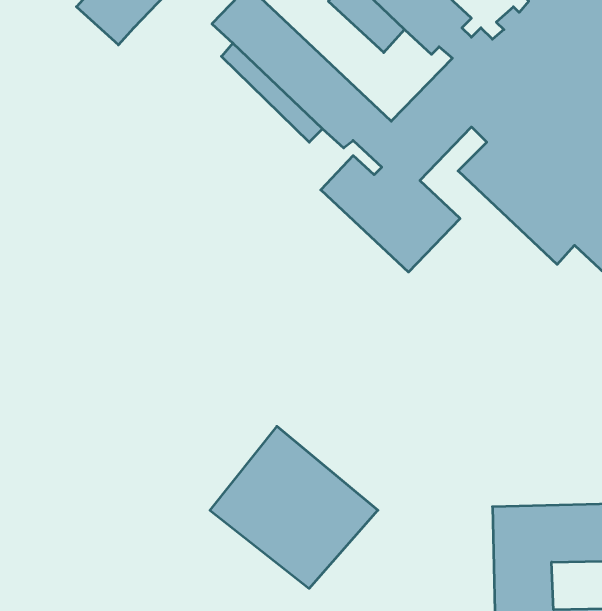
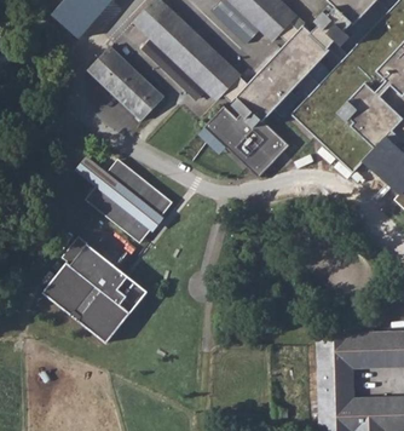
building: none -> [88,47,167,122]
building: none -> [73,155,171,242]
building: [210,426,378,588] -> [37,235,144,338]

